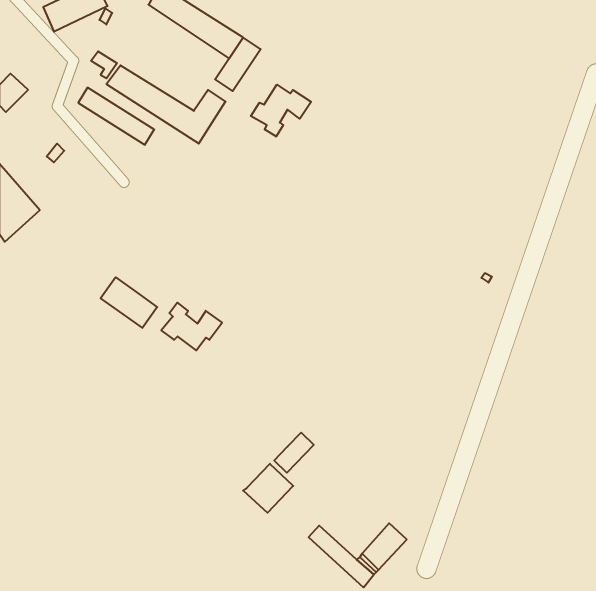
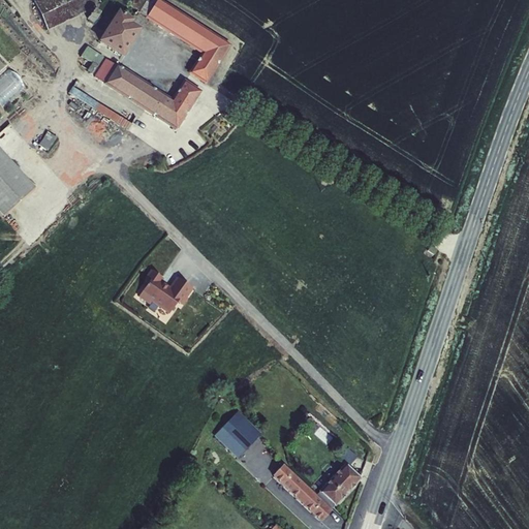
building: none -> [97,10,139,54]
building: [251,85,311,137] -> none
building: [101,277,157,328] -> none
building: [274,433,314,473] -> none

